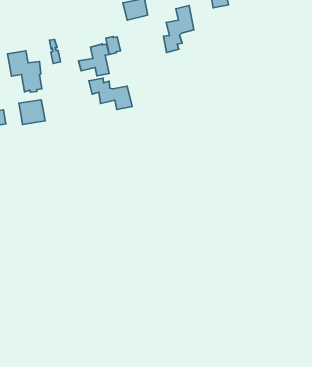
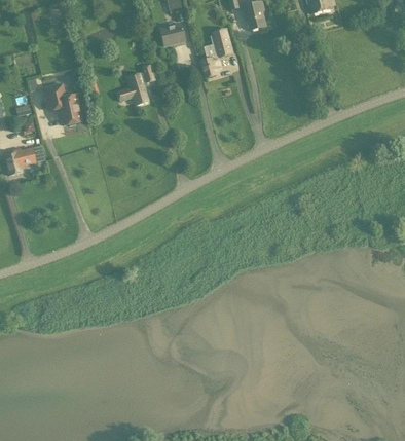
building: [89,78,132,110] -> none
building: [19,100,45,125] -> none

